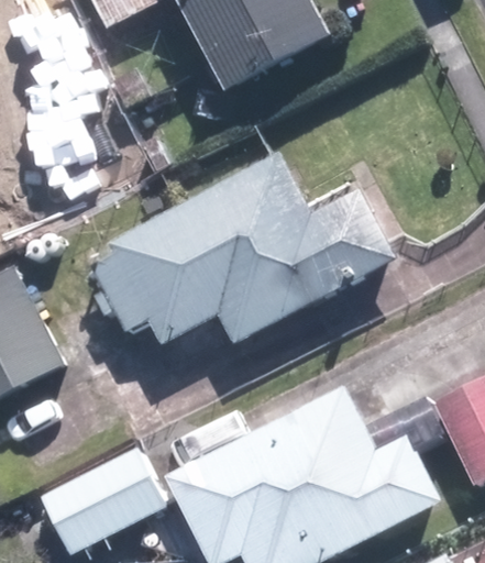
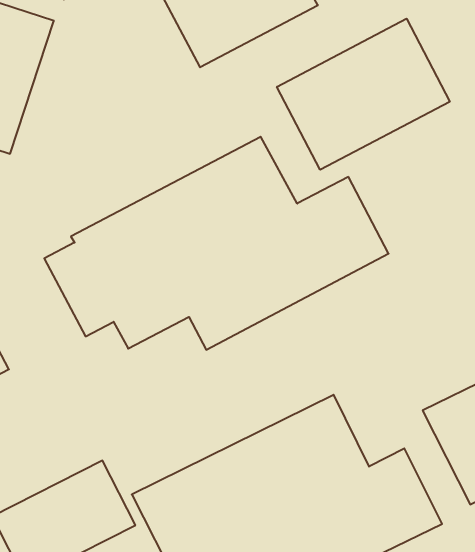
building: none -> [277,19,450,170]

